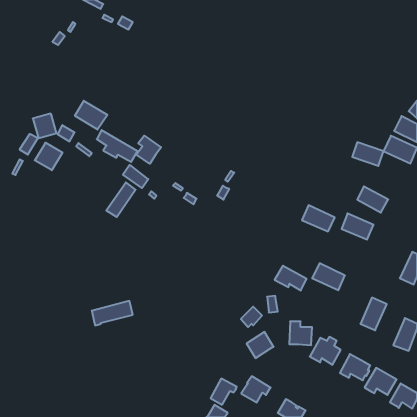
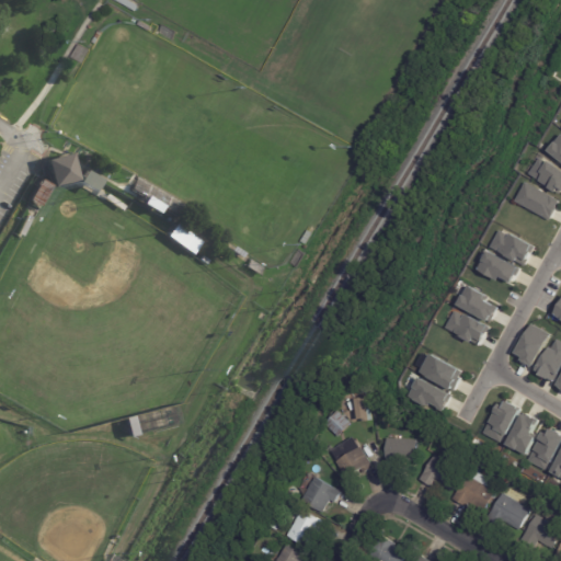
building: [75,101,107,130] -> none
building: [136,136,161,164] -> none
building: [352,142,383,166] -> [490,230,531,262]
building: [35,143,62,170] -> none
building: [106,182,136,217] -> none
building: [302,205,335,231] -> [444,309,488,344]
building: none -> [514,323,548,366]
building: [275,266,307,290] -> [408,377,450,410]
building: none -> [505,412,539,454]
building: [241,376,271,402] -> [296,474,335,510]

